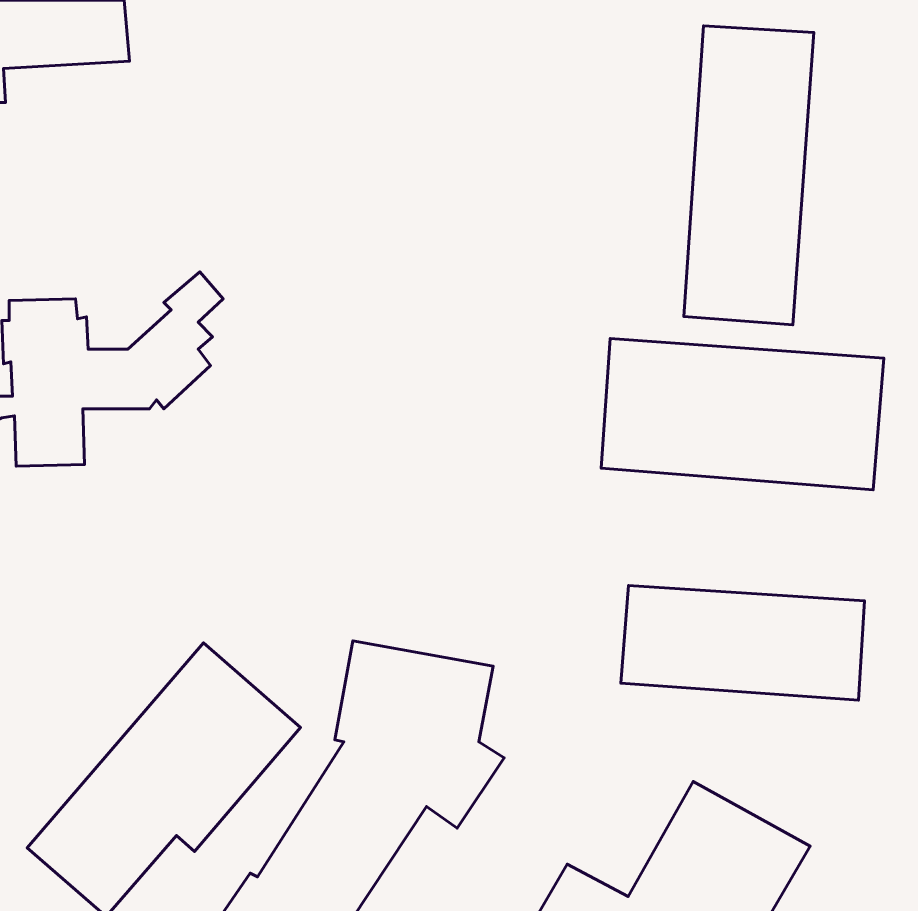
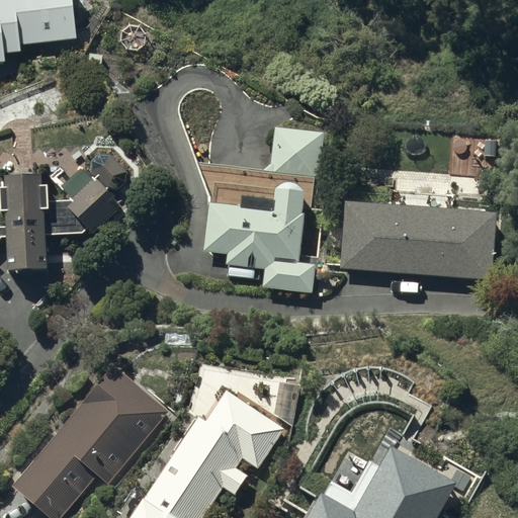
building: [684,26,814,325] -> none
building: none -> [201,128,322,291]
building: [621,585,865,700] -> none

